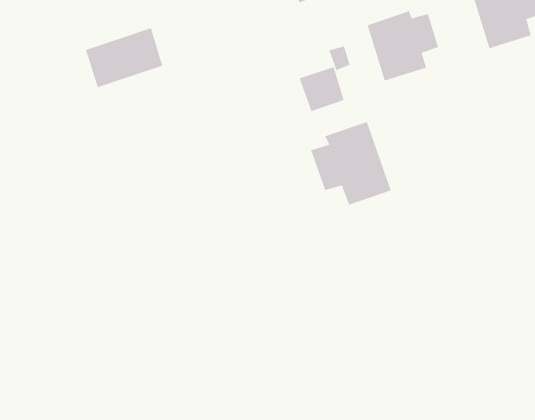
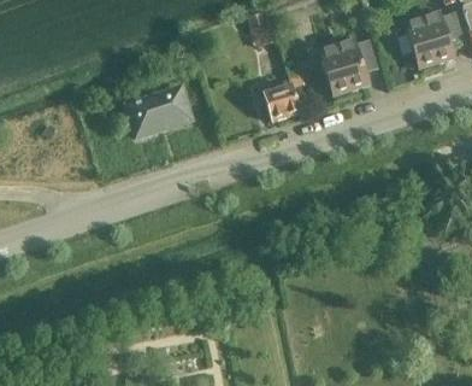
building: [85,28,163,88] -> [126,87,190,136]
building: [310,121,391,206] -> none

